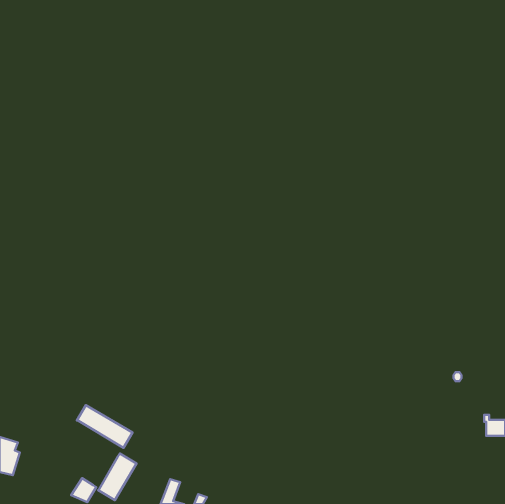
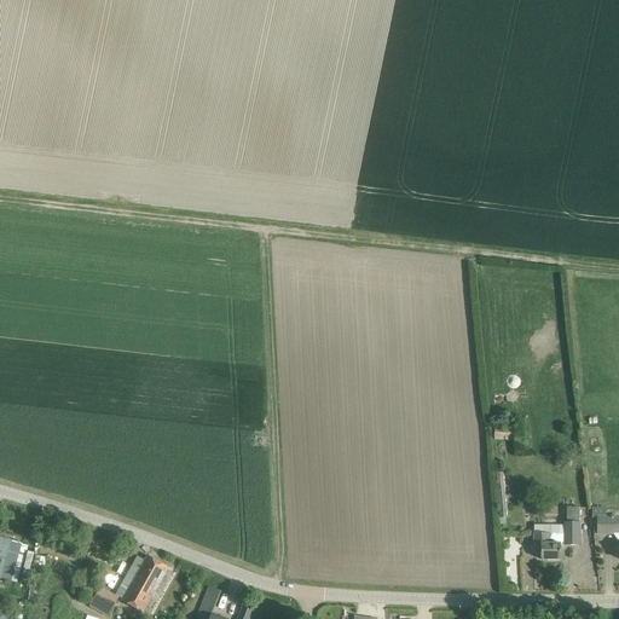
building: [77,405,133,448] -> none
building: none -> [533,504,579,557]

